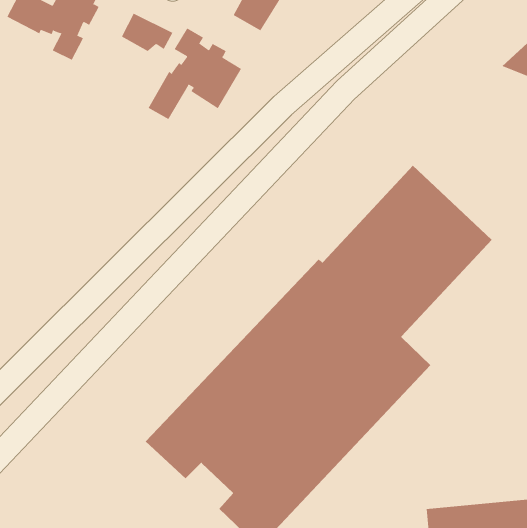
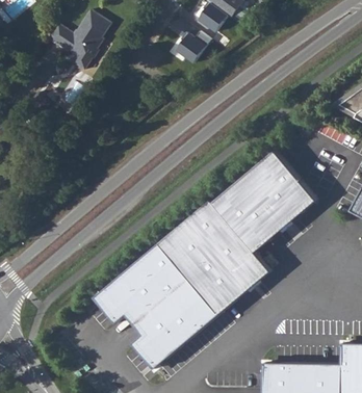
building: [121,13,173,52] -> none
building: [148,27,242,120] -> none

